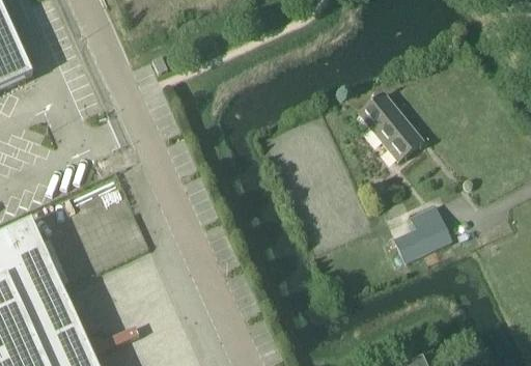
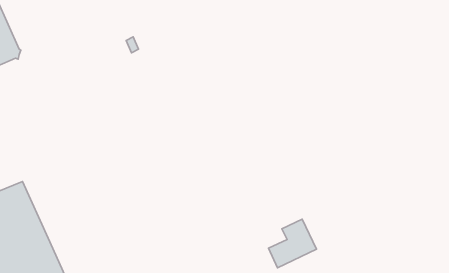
building: [358,91,422,160] -> none
building: [394,204,450,261] -> [269,219,316,268]

